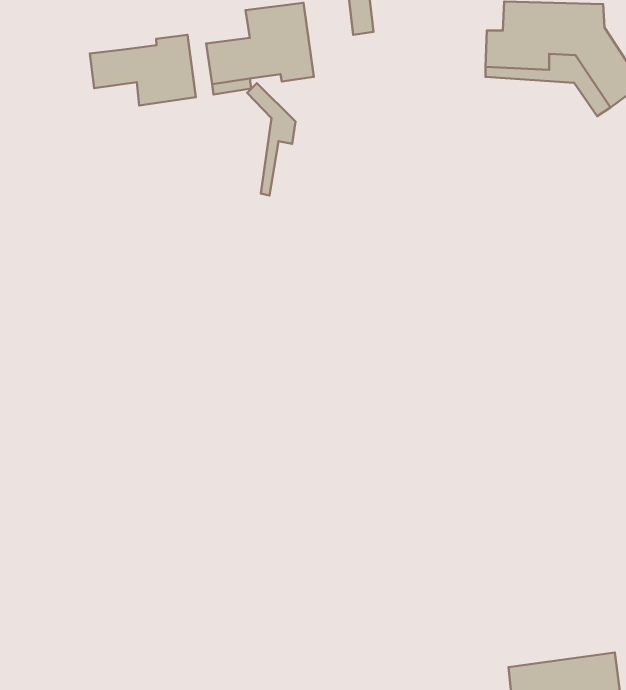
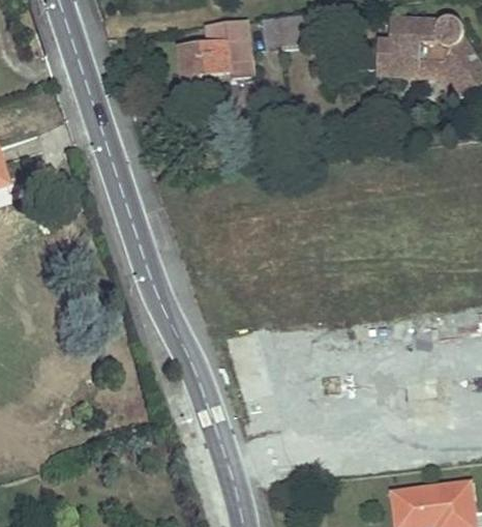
building: [90,35,196,106] -> none
building: [247,83,295,195] -> none

